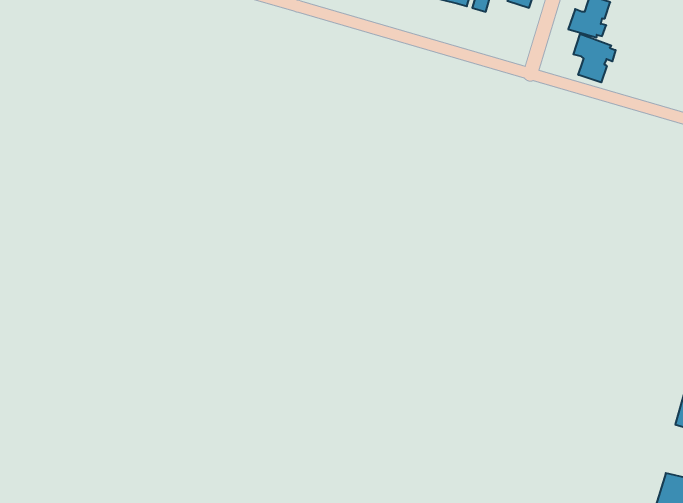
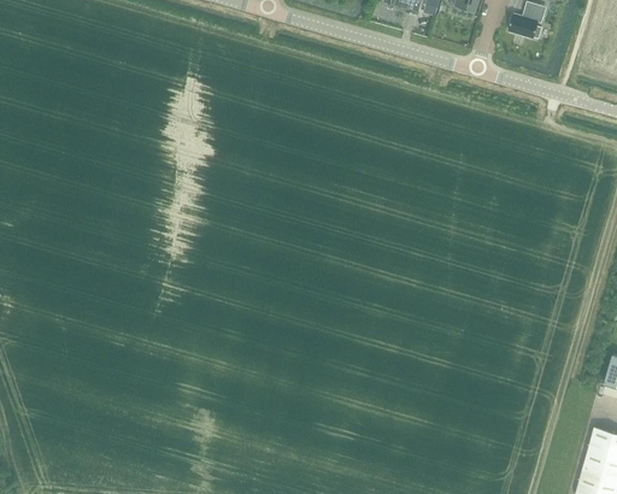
building: [573,34,616,82] -> none

